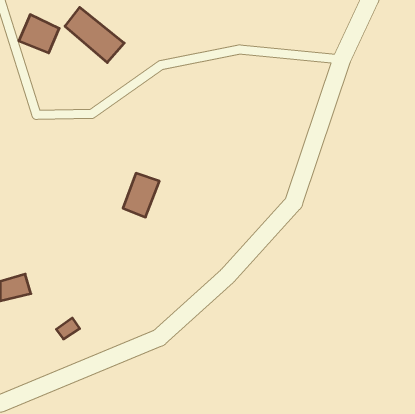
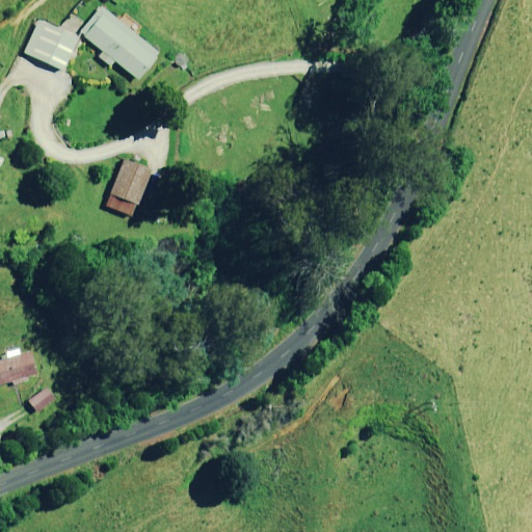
building: [123,173,159,217] -> [105,159,152,215]
building: [56,318,80,339] -> [28,385,58,413]

